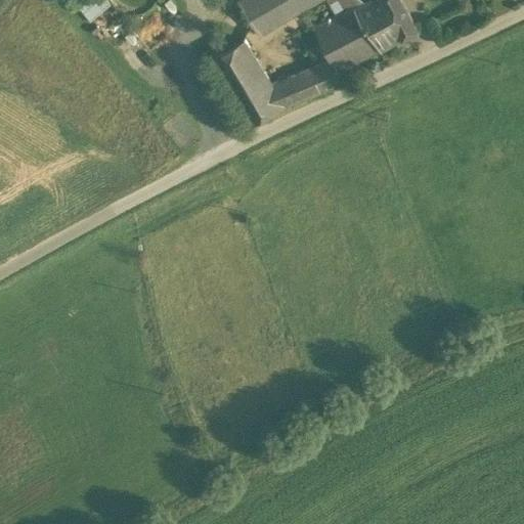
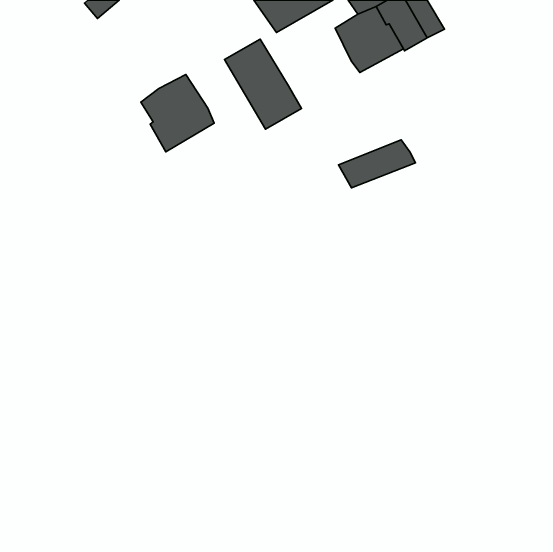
building: [273,59,346,104] -> [338,140,415,188]
building: none -> [141,74,214,152]

